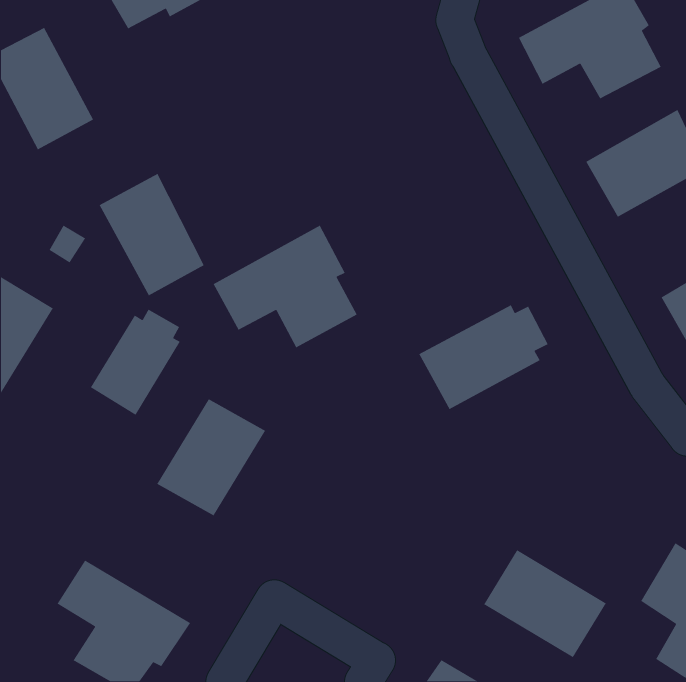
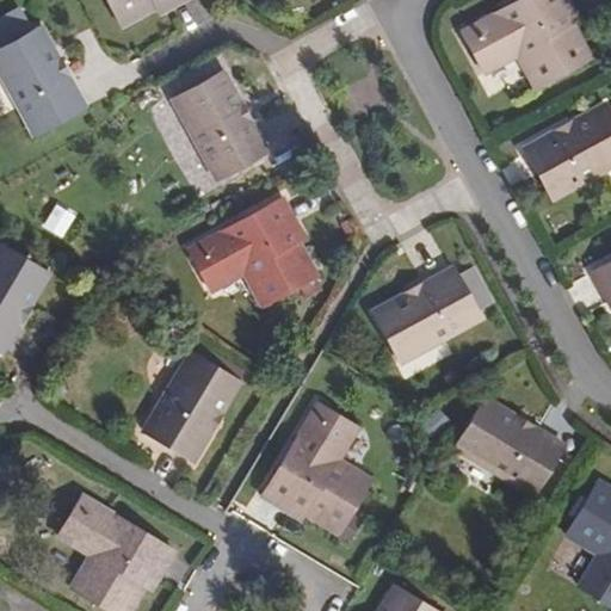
building: [99,173,205,296] -> [175,72,270,181]
building: [90,308,181,416] -> none
building: none -> [253,412,362,541]
building: [483,549,607,658] -> [452,397,562,494]

